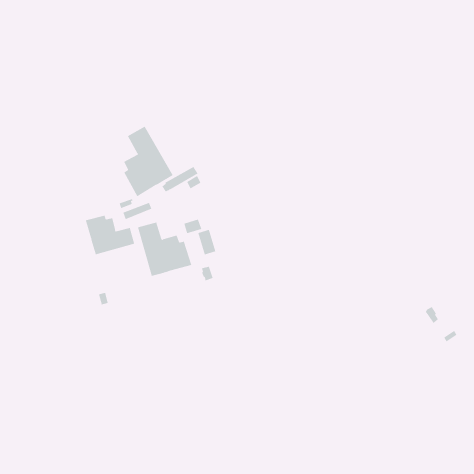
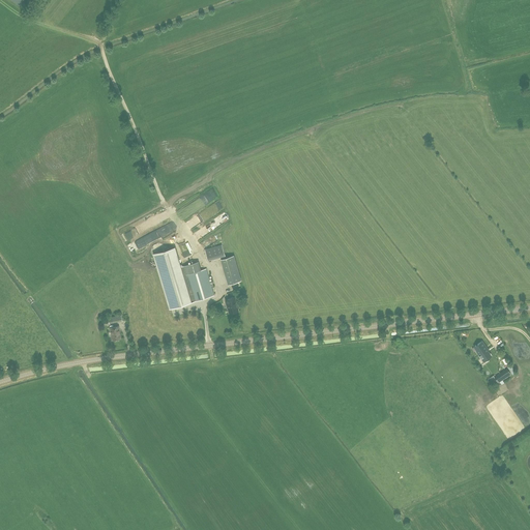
building: [123,126,174,197] -> none
building: [85,215,135,255] -> none

